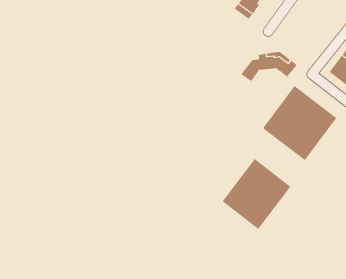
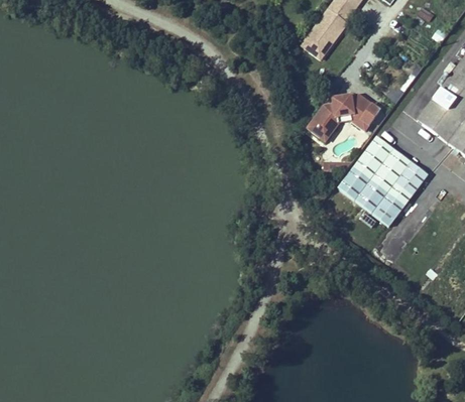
building: none -> [308,115,368,141]
building: [222,158,291,230] -> none

